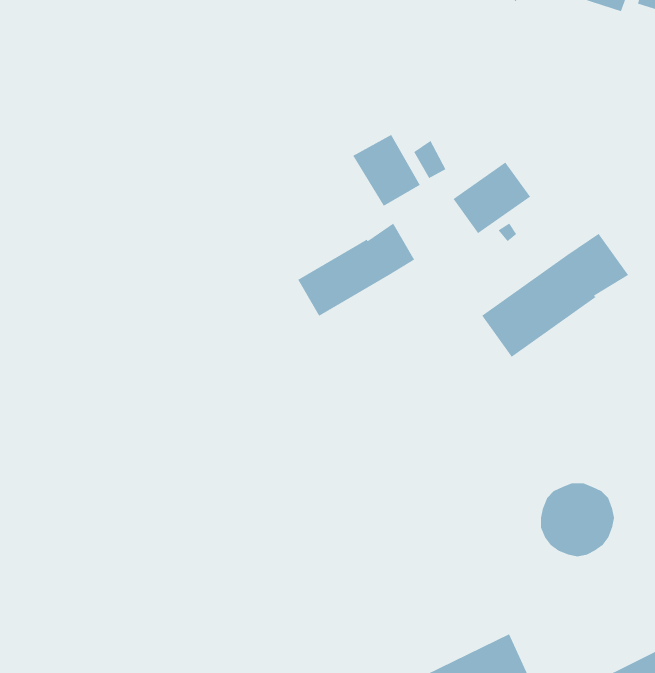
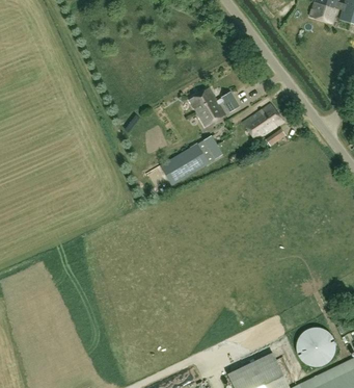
building: [481,233,629,358] -> none
building: [540,482,615,557] -> [296,327,335,366]

